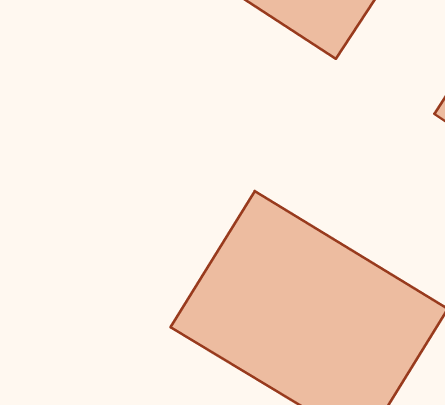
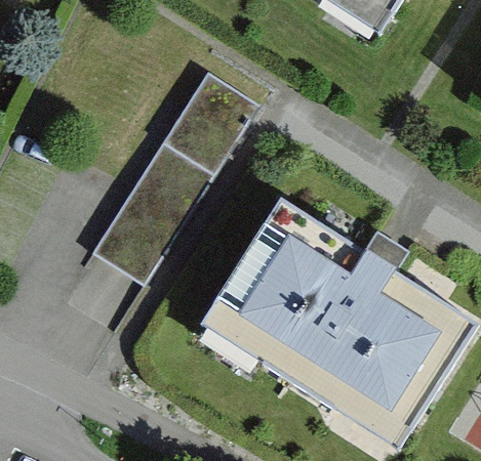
building: none -> [103,50,272,273]

